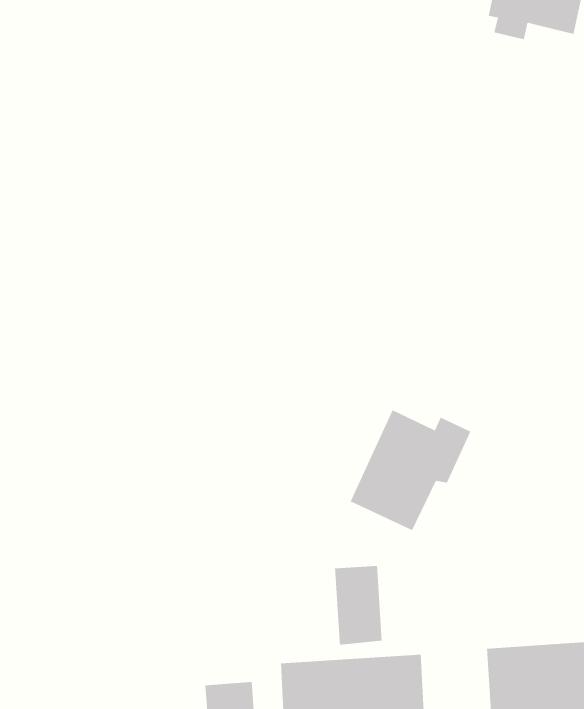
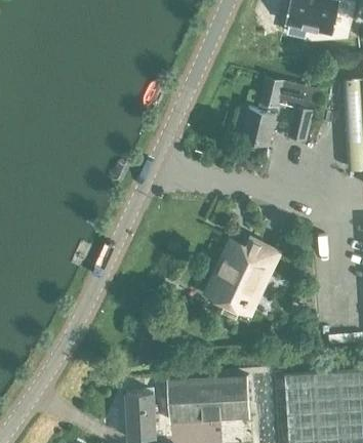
building: none -> [242,79,319,146]
building: [335,565,382,645] -> none

